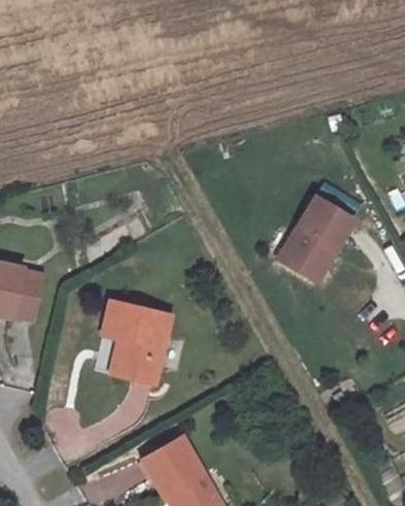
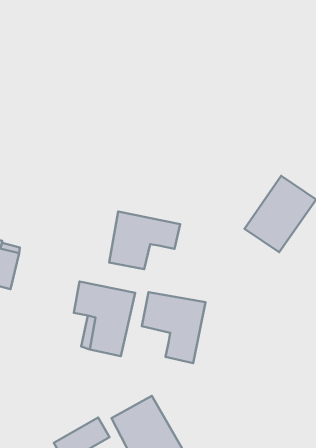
building: none -> [109,212,180,269]
building: none -> [142,292,205,363]

